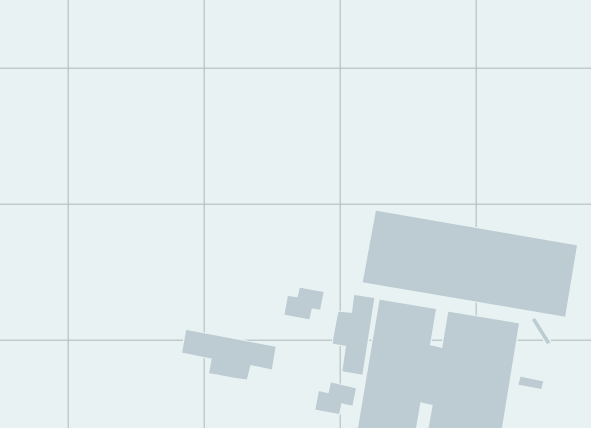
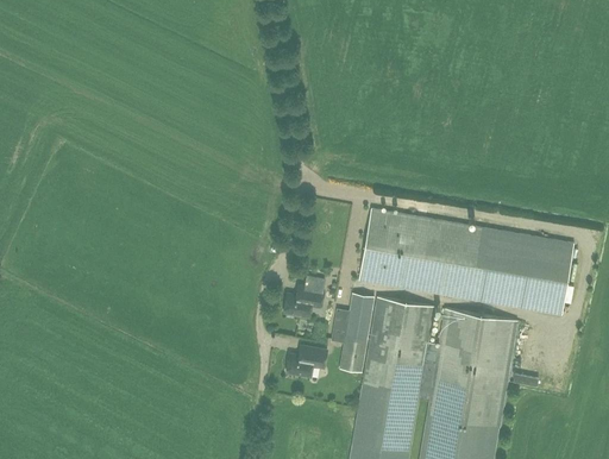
building: [181,329,276,380] -> none
building: [314,382,357,415] -> [284,345,326,377]

